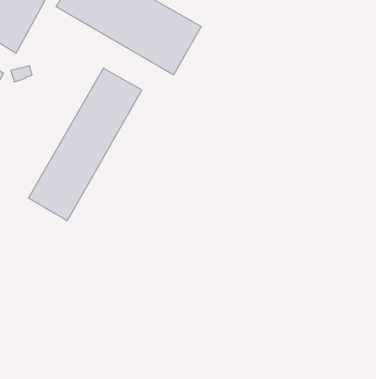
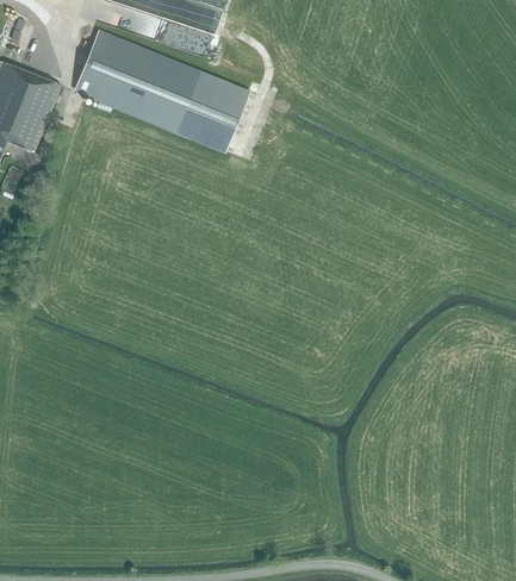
building: [29,68,142,221] -> none

